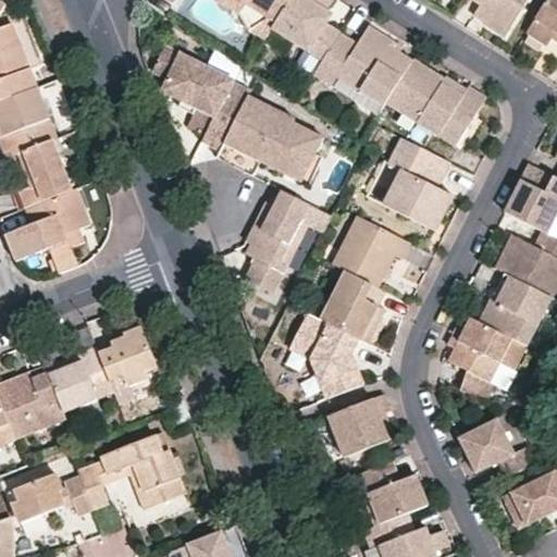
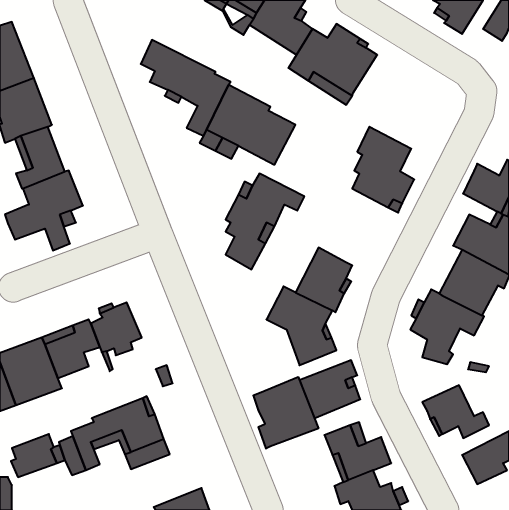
building: [385,59,486,146] -> none
building: [333,215,412,286] -> none
building: none -> [253,377,318,449]

